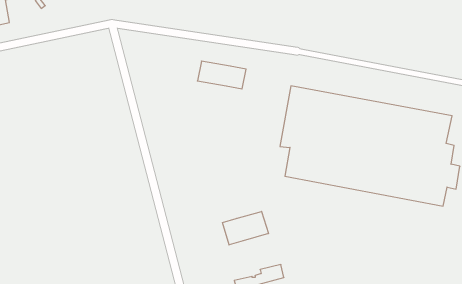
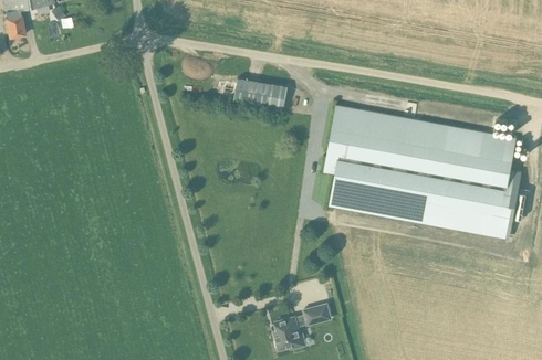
building: [222,211,268,245] -> none

